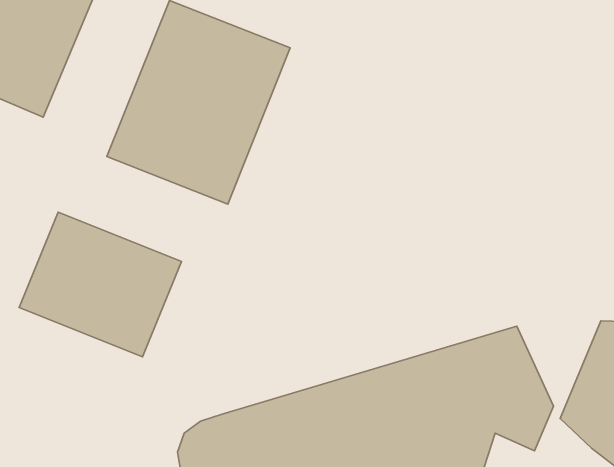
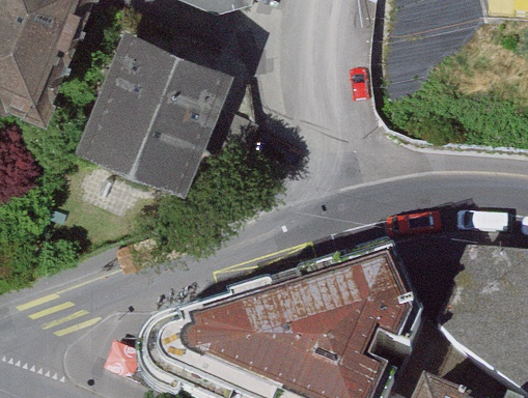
building: [19,212,181,357] -> none

